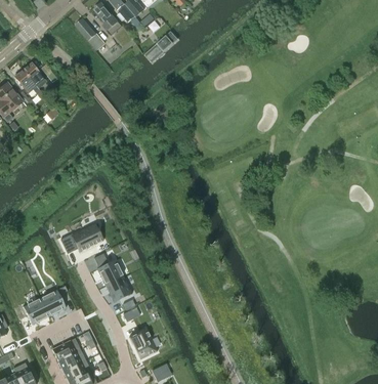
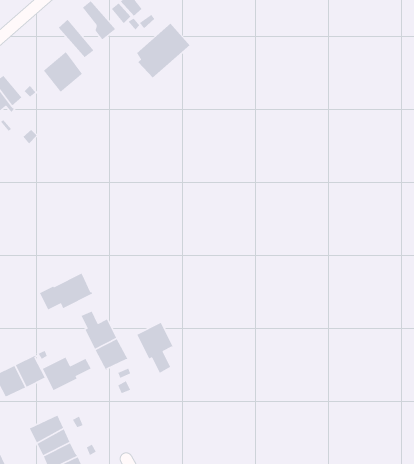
building: none -> [43,51,84,93]
building: none -> [136,322,174,374]
building: none -> [42,356,92,391]
building: [128,328,157,358] -> none

